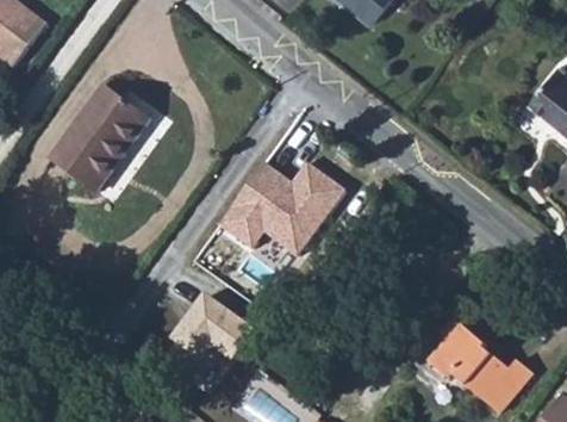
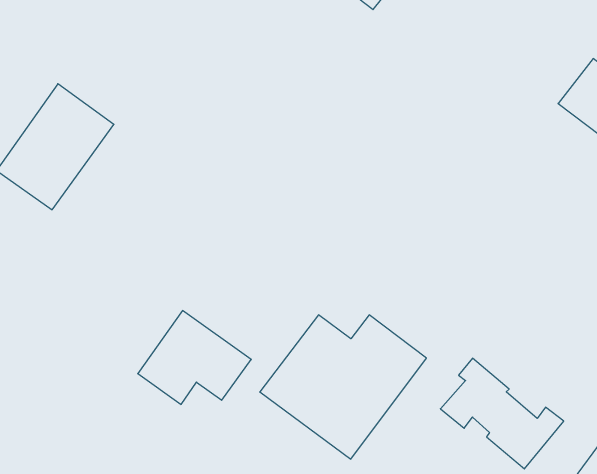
building: [216,154,357,277] -> [260,315,426,459]

